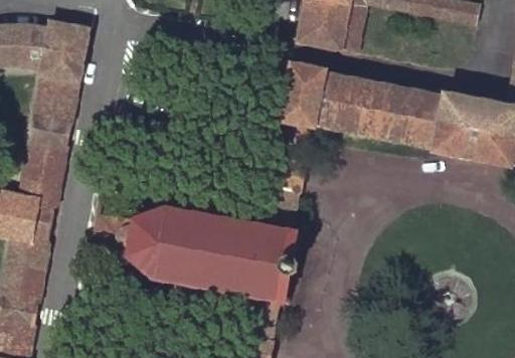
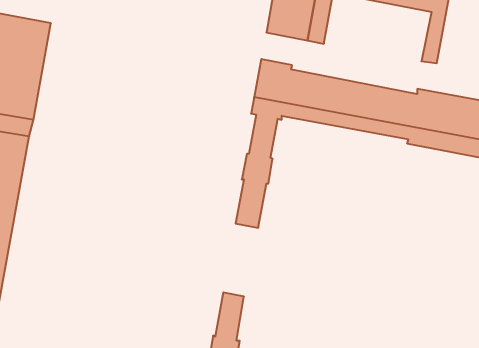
building: [94,208,299,299] -> none

